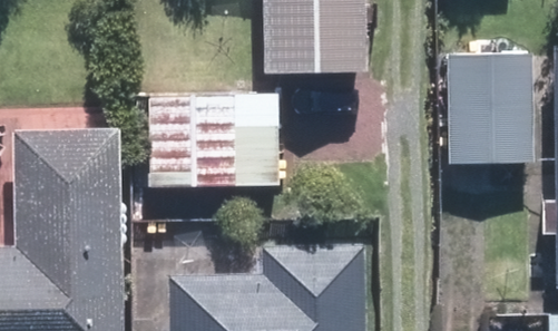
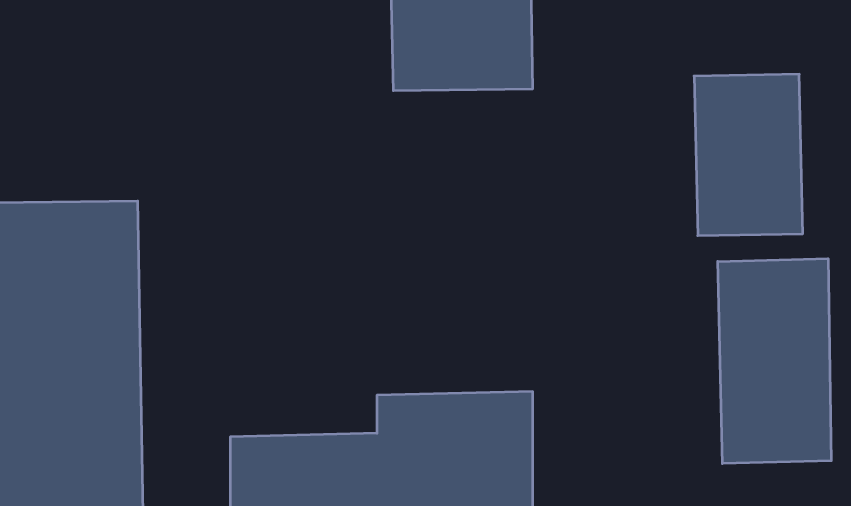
building: [159,105,270,177] -> none
building: none -> [718,259,831,464]

